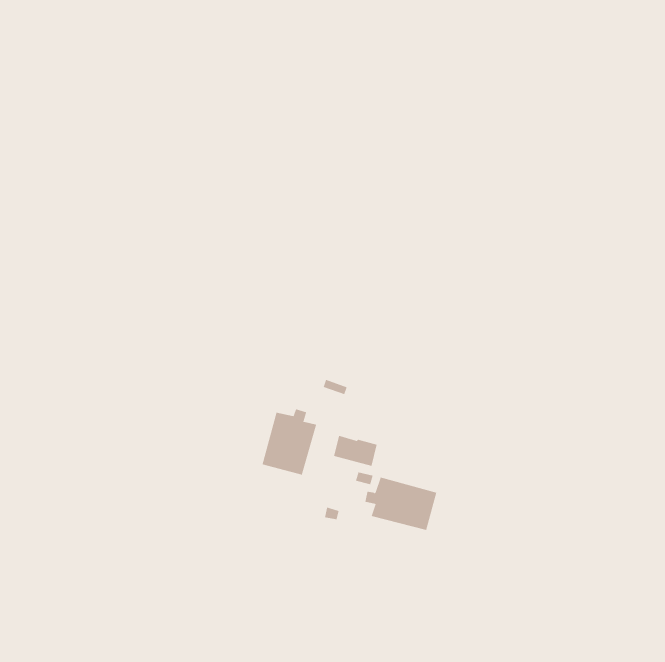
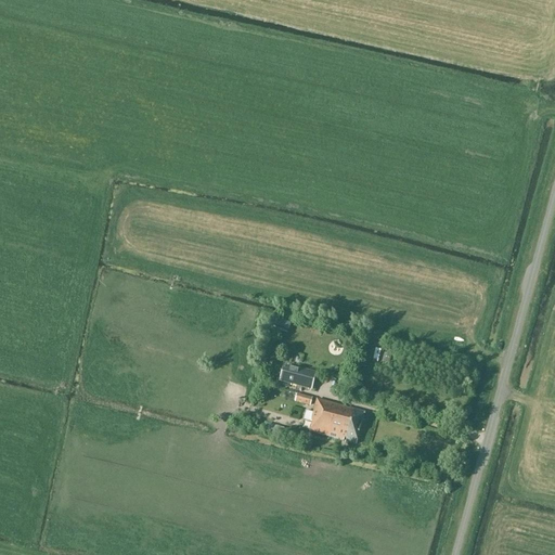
building: [262,409,317,476] -> none

